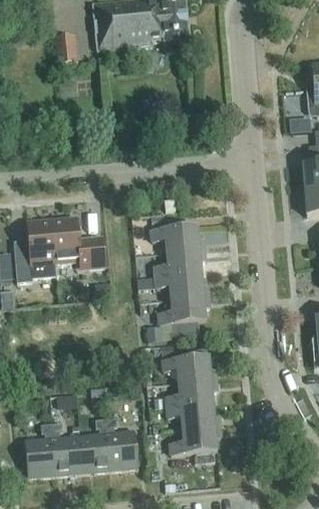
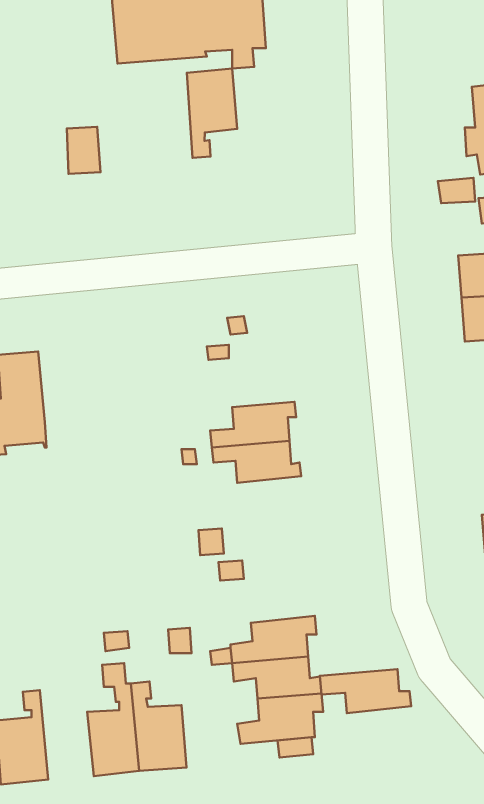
building: [57,30,77,58] -> [67,127,101,174]
building: none -> [187,68,237,158]
building: [51,218,104,268] -> none
building: [150,226,204,253] -> none
building: [157,294,209,323] -> none
building: [162,355,216,381] -> [320,669,411,713]
building: [52,421,84,475] -> none

